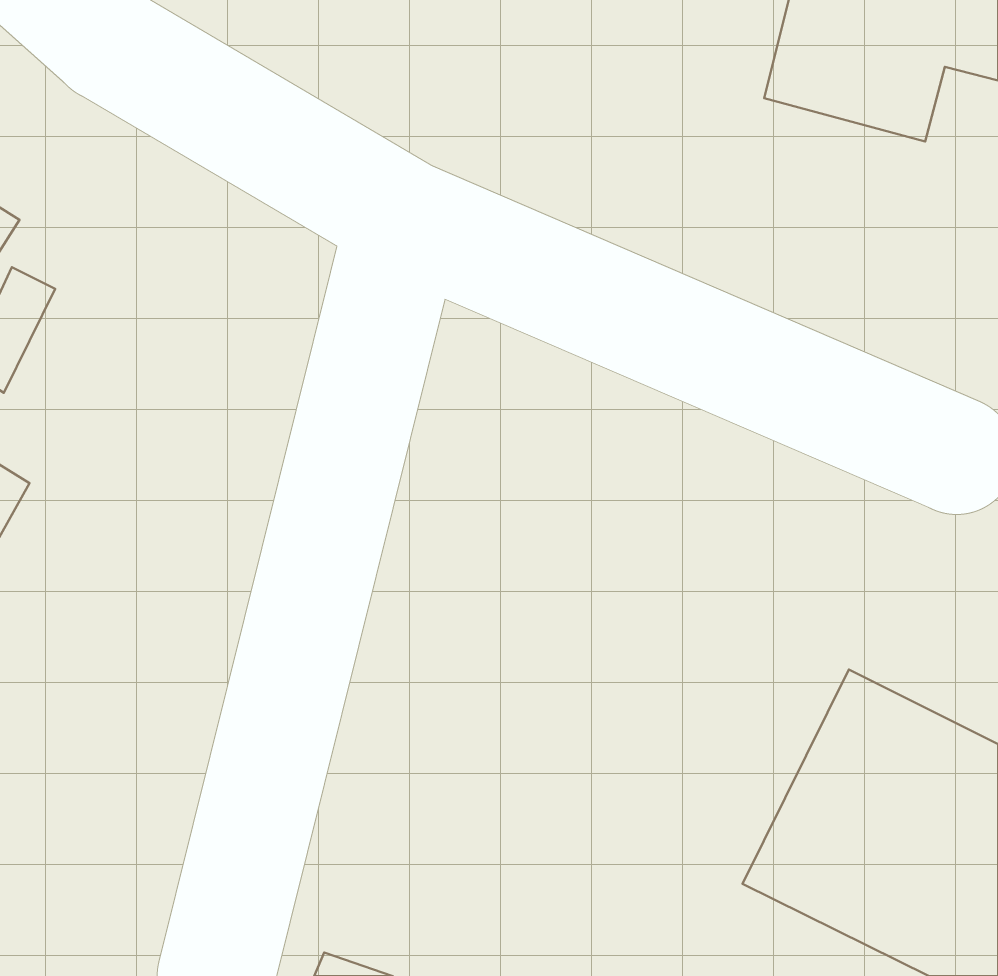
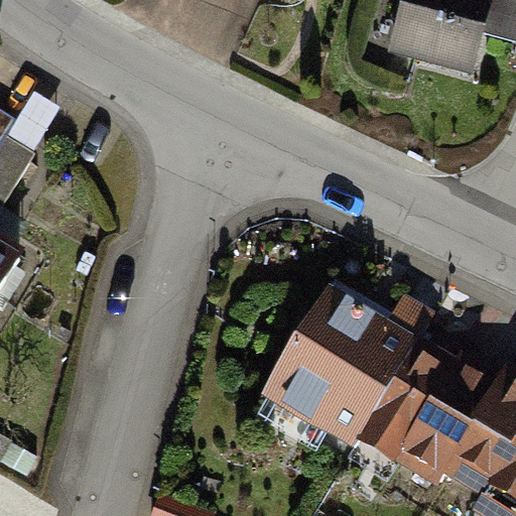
building: none -> [273,286,426,450]

